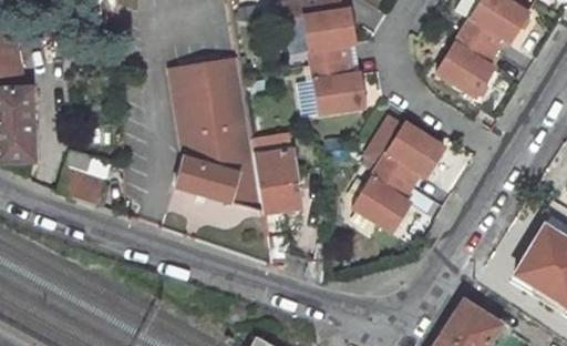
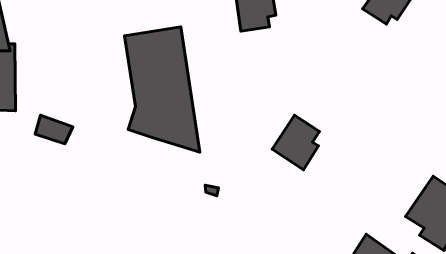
building: [433,32,492,99] -> none
building: [311,54,363,112] -> none
building: [378,123,442,184] -> none
building: [251,146,298,210] -> none

